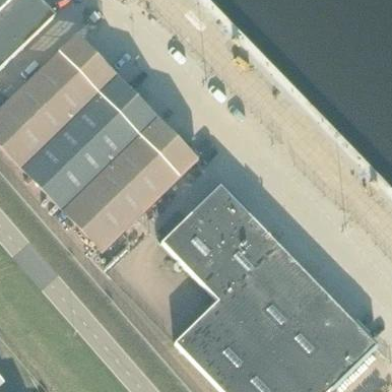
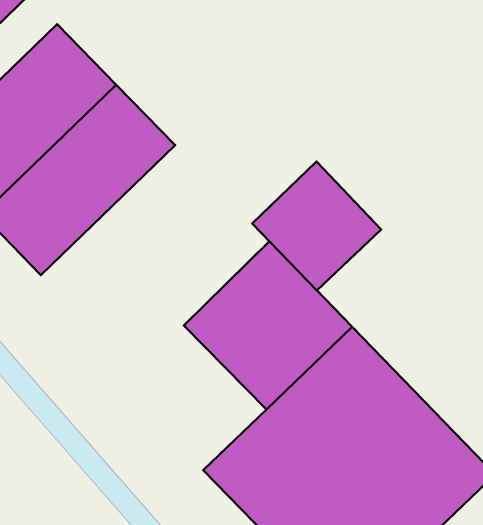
building: [64,118,197,250] -> none
building: none -> [252,161,381,290]

